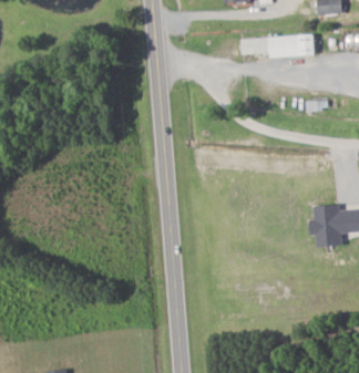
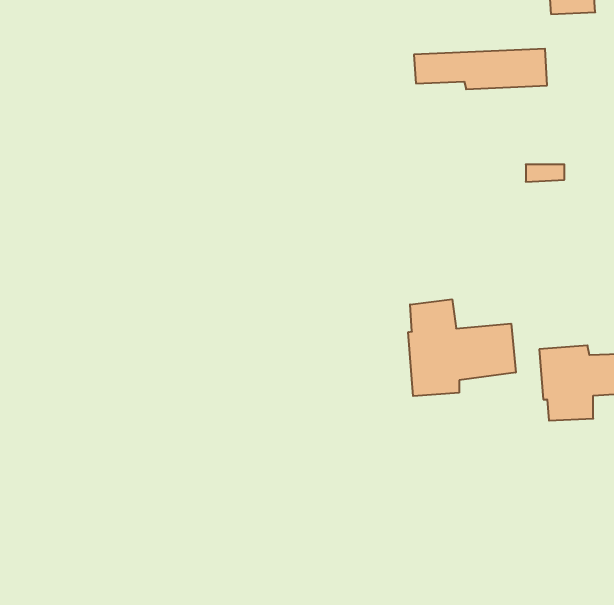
building: none -> [408,299,516,396]

